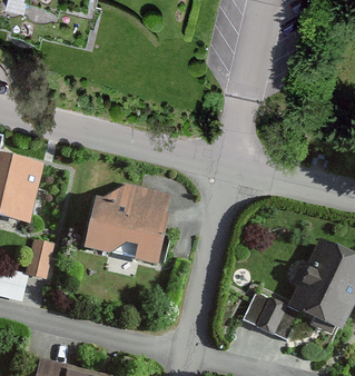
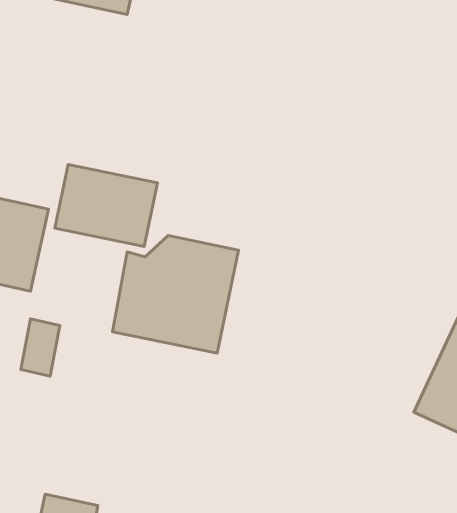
building: none -> [55,165,158,246]
building: [241,289,285,330] -> none

